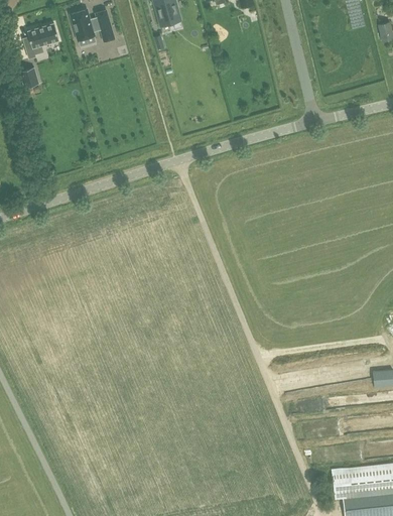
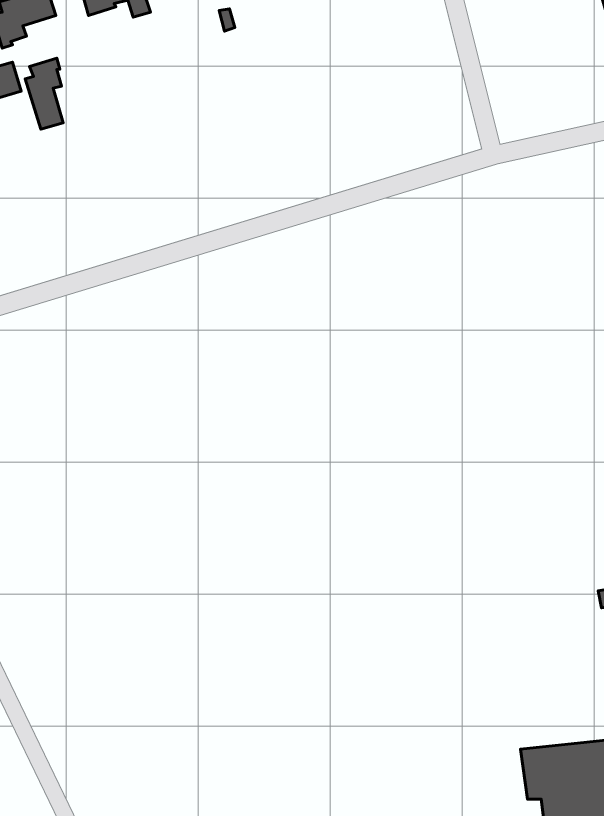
building: none -> [25,58,63,129]

